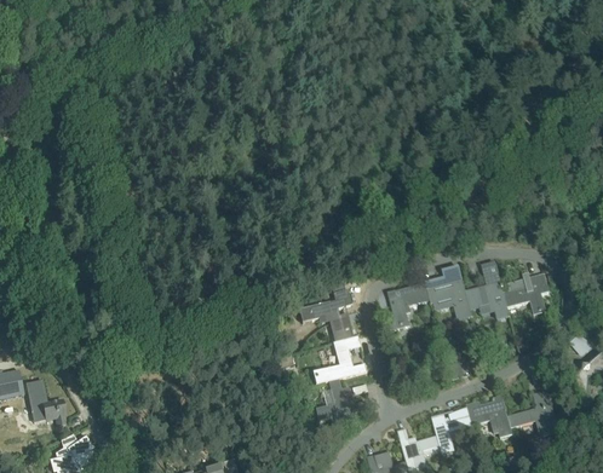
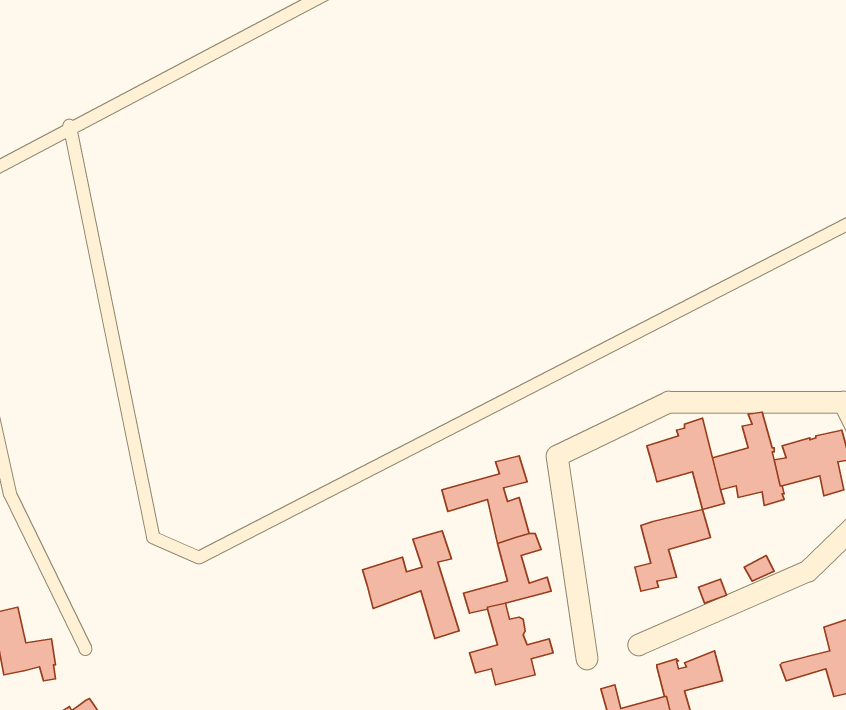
building: [383,283,429,333] -> [635,510,710,591]
building: none -> [362,531,459,639]
building: [464,394,510,435] -> none

